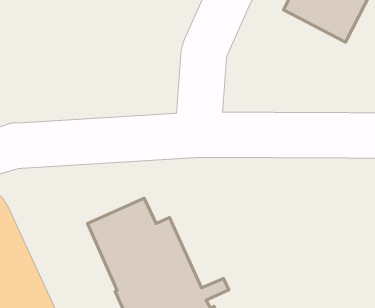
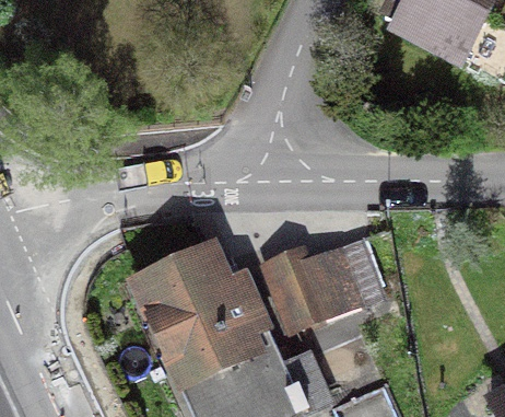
building: none -> [270,247,360,327]

